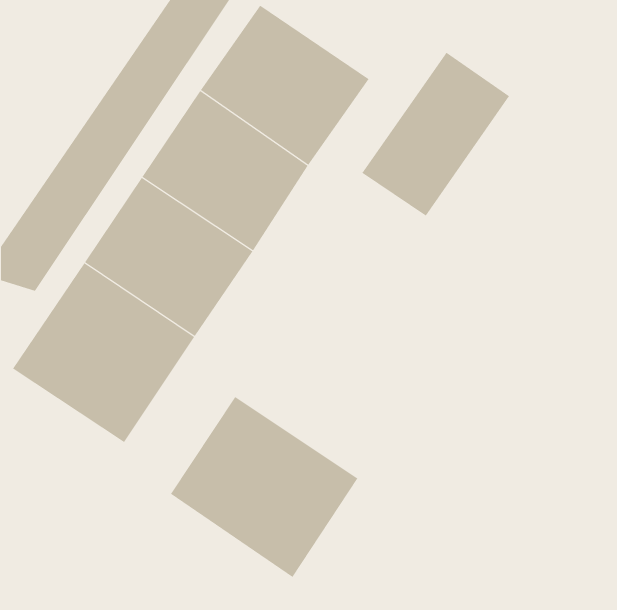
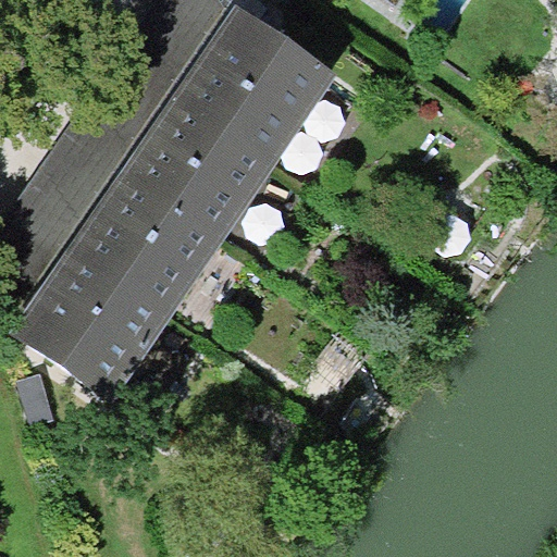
building: [361,52,510,217] -> none
building: [170,396,358,578] -> none

